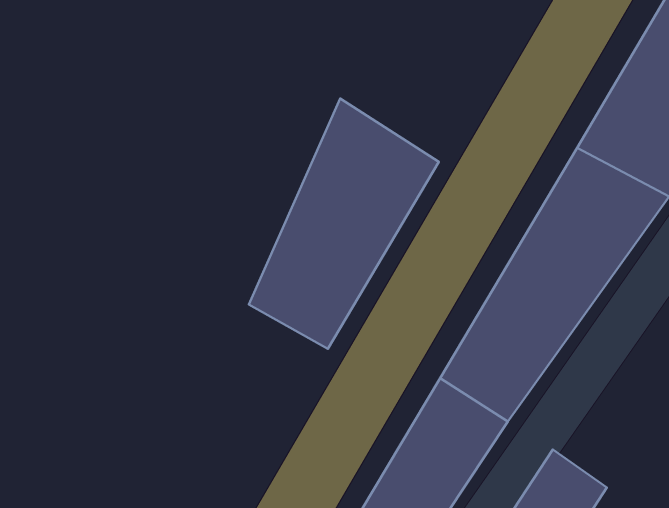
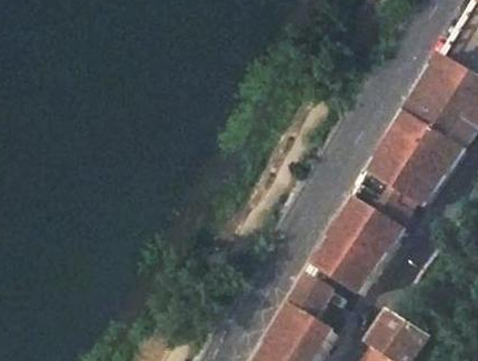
building: [249,99,439,349] -> none

